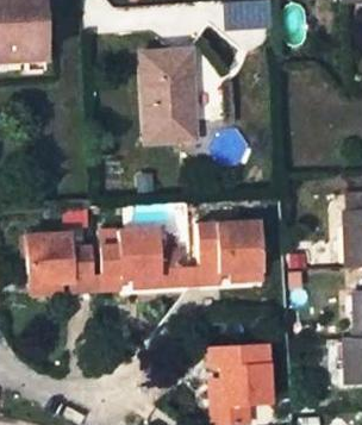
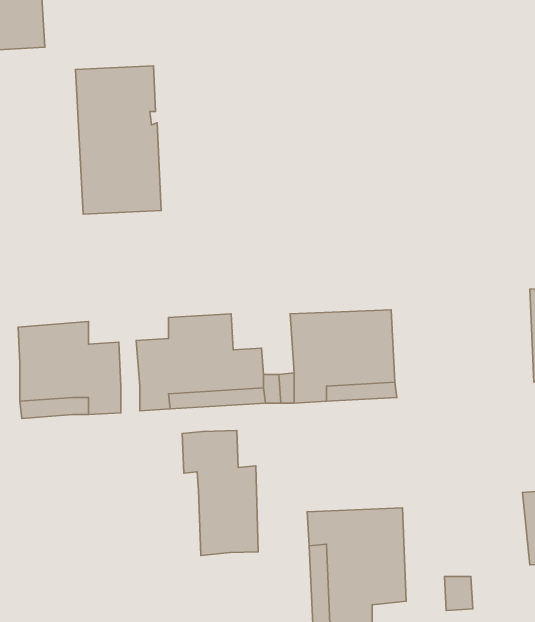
building: [141,51,194,144] -> [76,66,161,214]
building: none -> [182,430,258,556]

